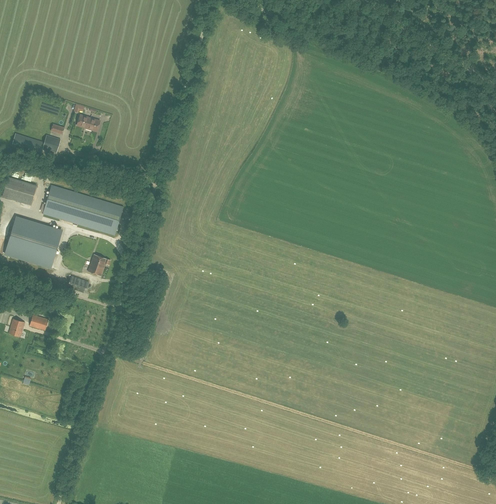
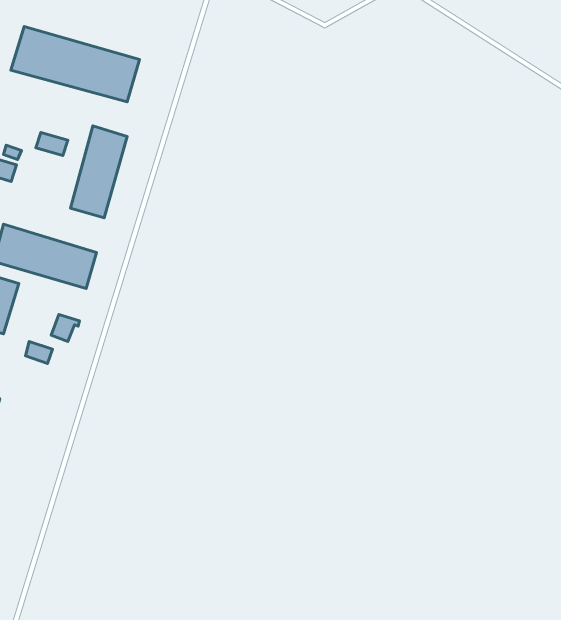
building: none -> [11,26,139,102]
building: none -> [71,126,127,218]

